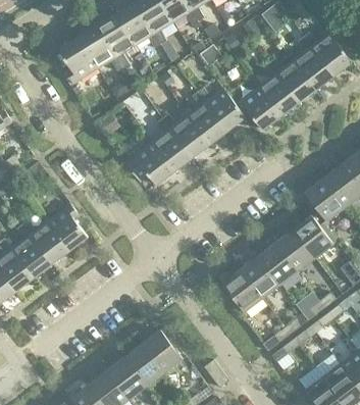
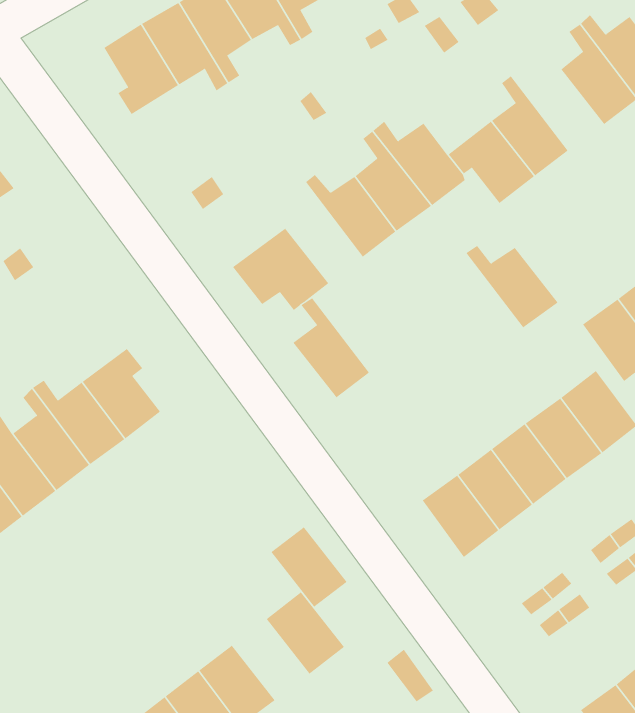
building: [268,59,316,102] -> [466,245,559,328]
building: [152,118,192,170] -> [293,297,370,398]
building: [124,344,164,386] -> [270,527,348,608]

